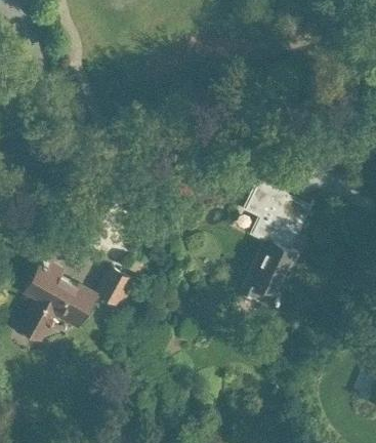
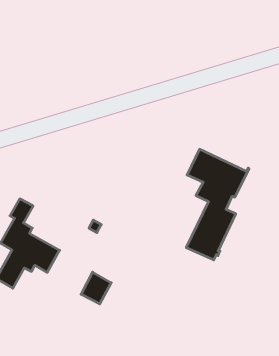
building: [97,271,132,308] -> [81,272,111,304]

